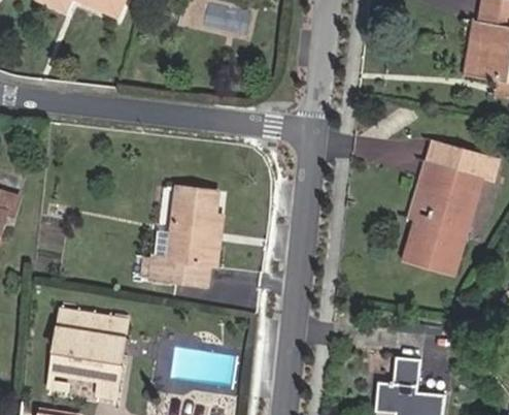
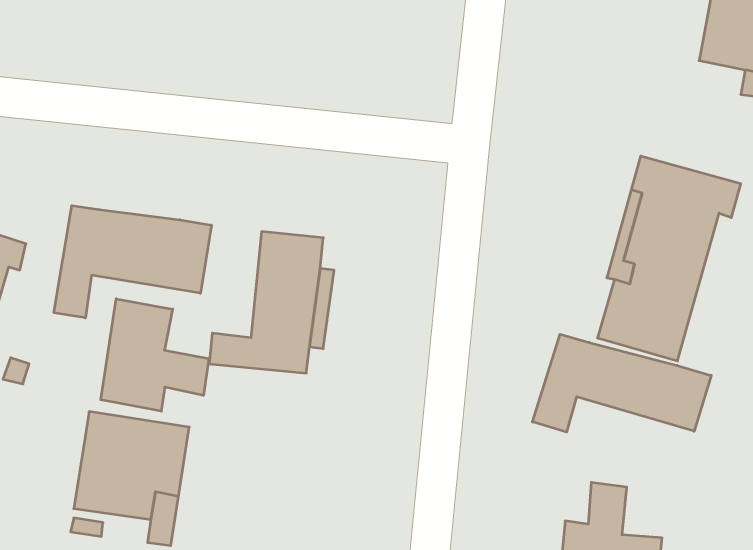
building: none -> [54,206,211,318]
building: none -> [101,299,209,411]
building: none -> [532,334,711,432]

